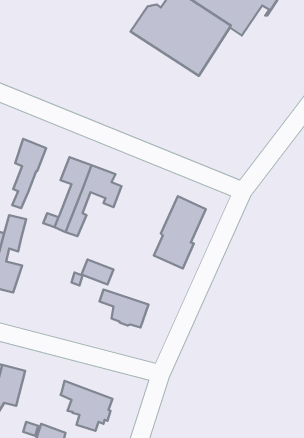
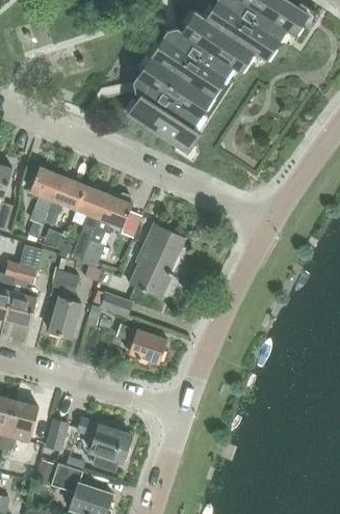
building: none -> [127,56,220,153]
building: none -> [44,177,86,226]
building: [154,196,206,269] -> [130,224,184,299]
building: none -> [48,272,82,337]
building: none -> [44,418,69,452]

